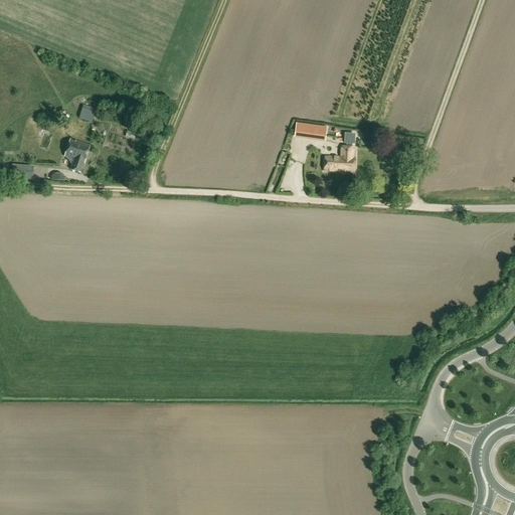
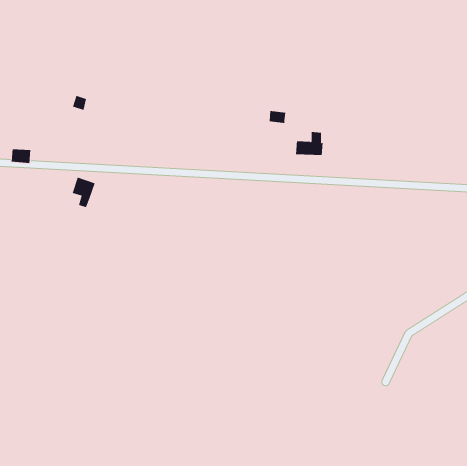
building: [64,138,91,172] -> [72,177,95,208]

